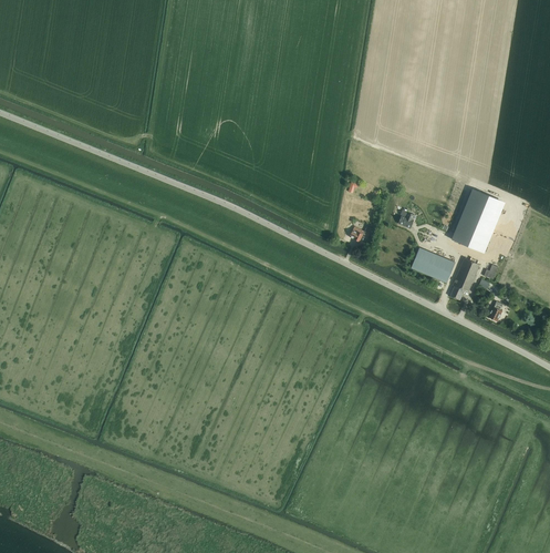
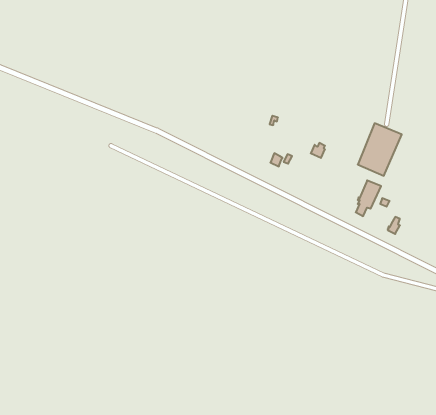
building: [411,247,455,281] -> none

